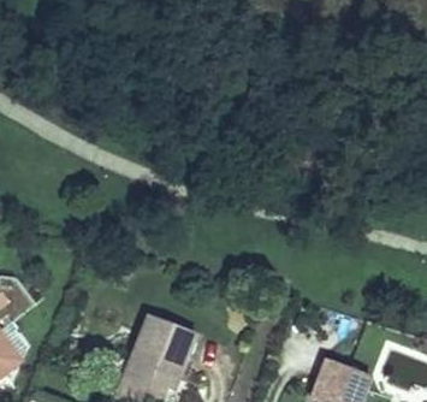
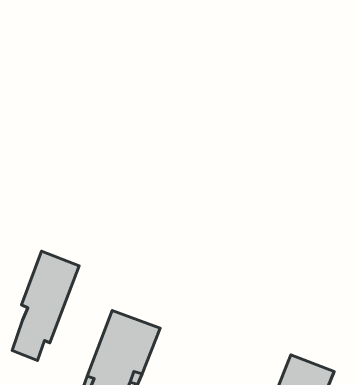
building: none -> [12,251,79,360]

